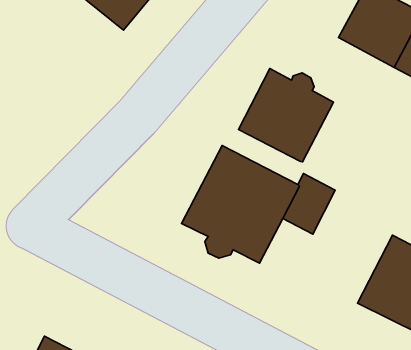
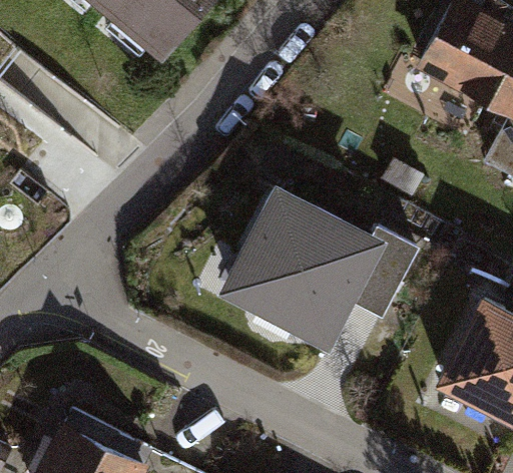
building: [239,69,334,162] -> none

